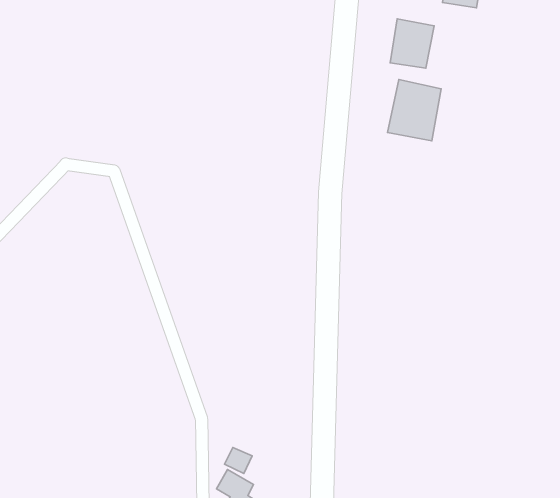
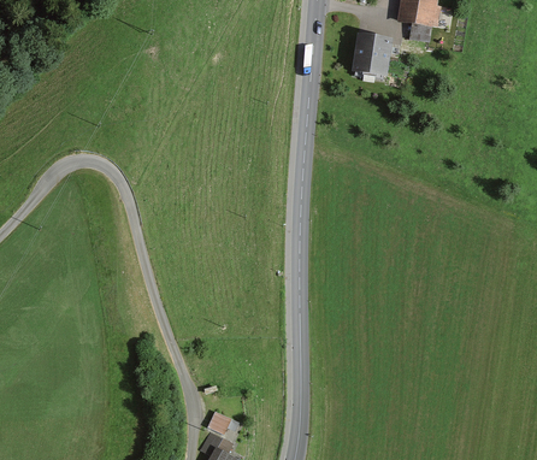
building: [388,80,441,141] -> none

